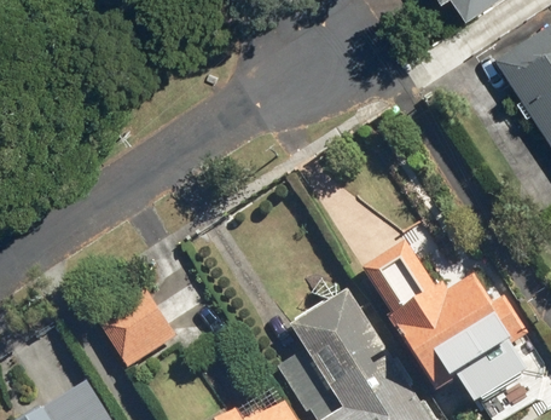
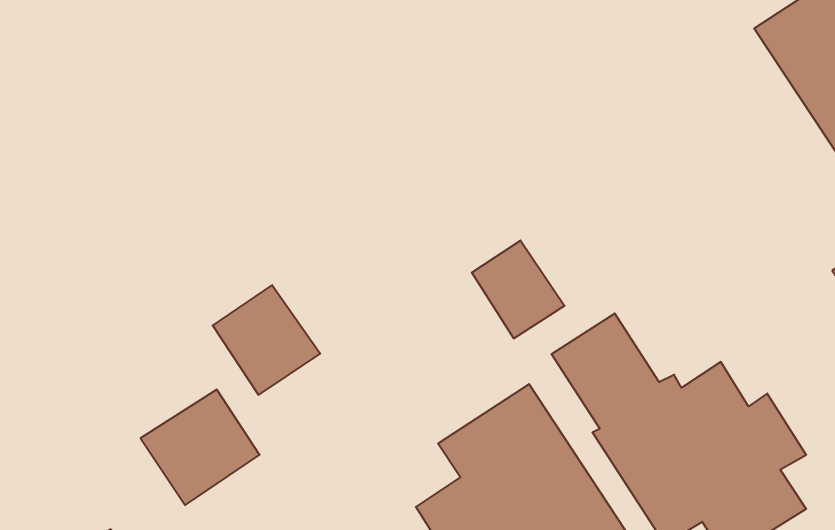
building: none -> [472,240,565,339]
building: none -> [213,285,320,395]

